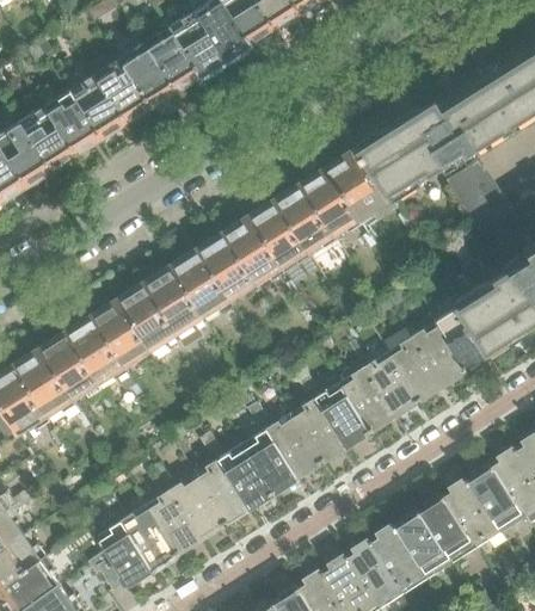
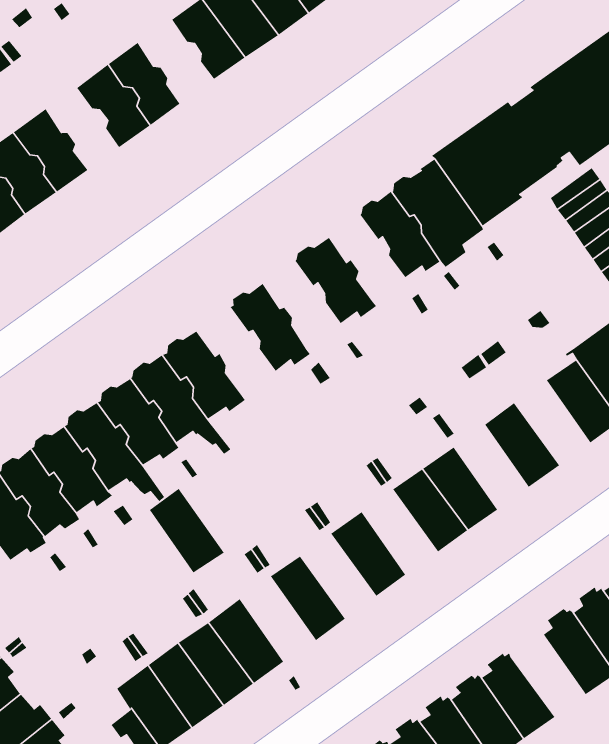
building: [141,30,197,94] -> none
building: [68,78,122,141] -> none
building: [278,186,338,253] -> none
building: [226,218,285,286] -> none
building: [173,251,234,319] -> none
building: [412,320,468,385] -> none
building: [364,351,419,416] -> none
building: [291,396,348,462] -> none
building: [242,427,299,493] -> none
building: [195,457,251,523] -> [149,488,225,573]
building: [399,510,454,576] -> none

